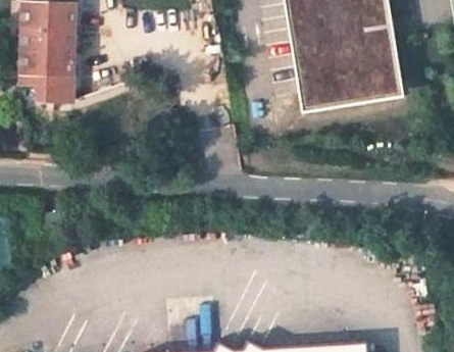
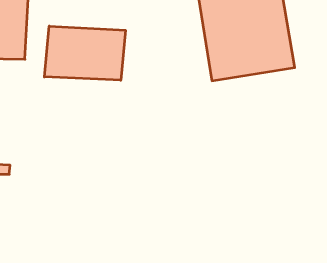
building: none -> [44,26,125,80]

